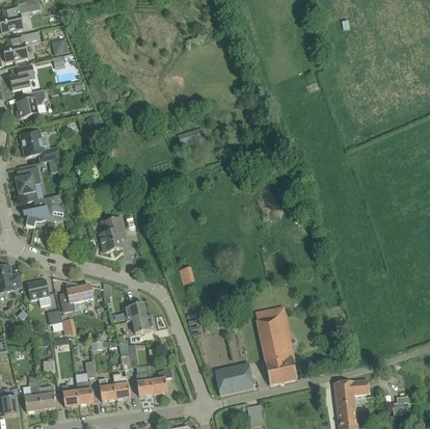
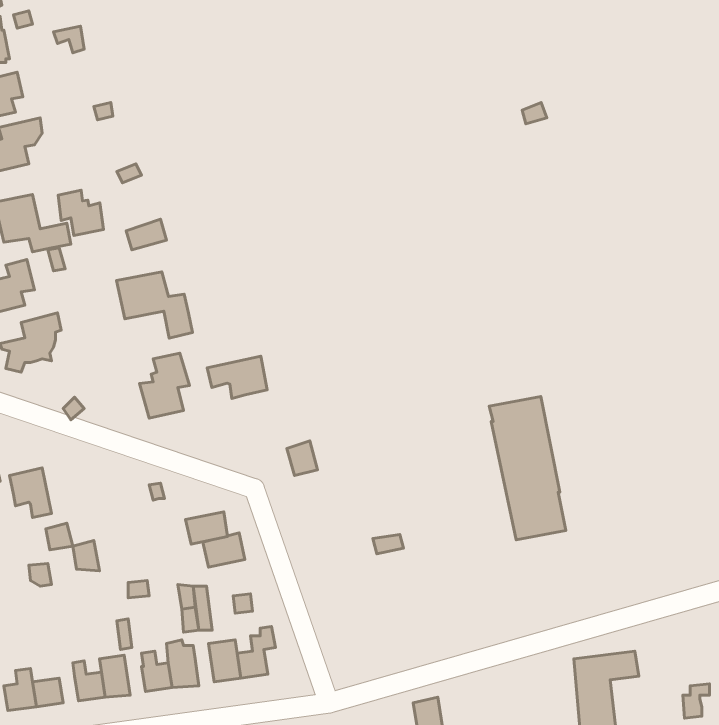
building: none -> [58,190,104,235]
building: none -> [116,272,193,338]
building: none -> [207,356,267,398]
building: [58,280,92,312] -> none
building: [254,305,296,383] -> [489,397,566,540]
building: [214,361,253,395] -> none

